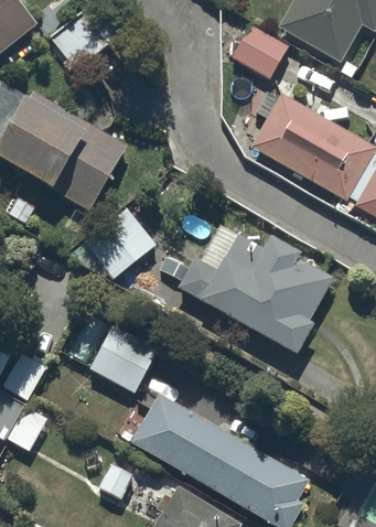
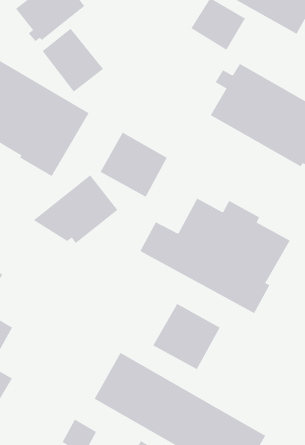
building: none -> [42,28,104,92]
building: none -> [100,132,167,197]
building: [88,324,159,394] -> [152,303,220,370]

